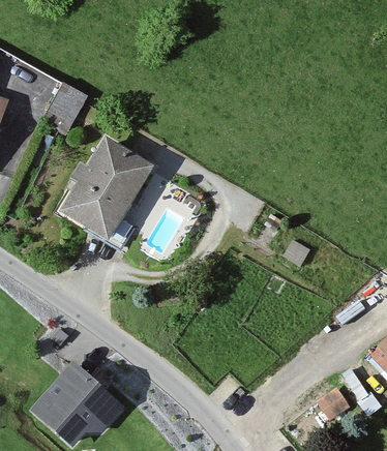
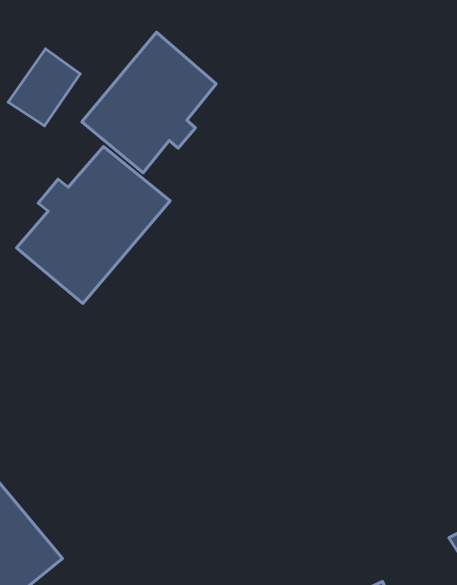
building: none -> [82,32,216,173]

